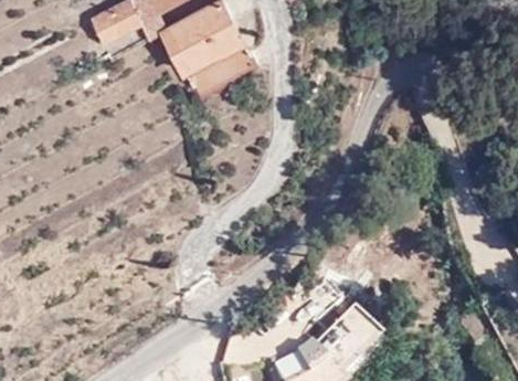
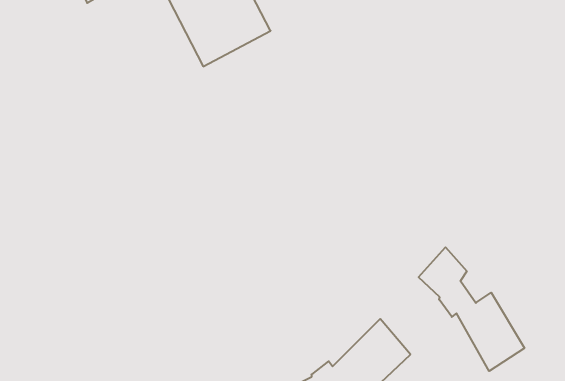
building: none -> [419,247,524,371]

